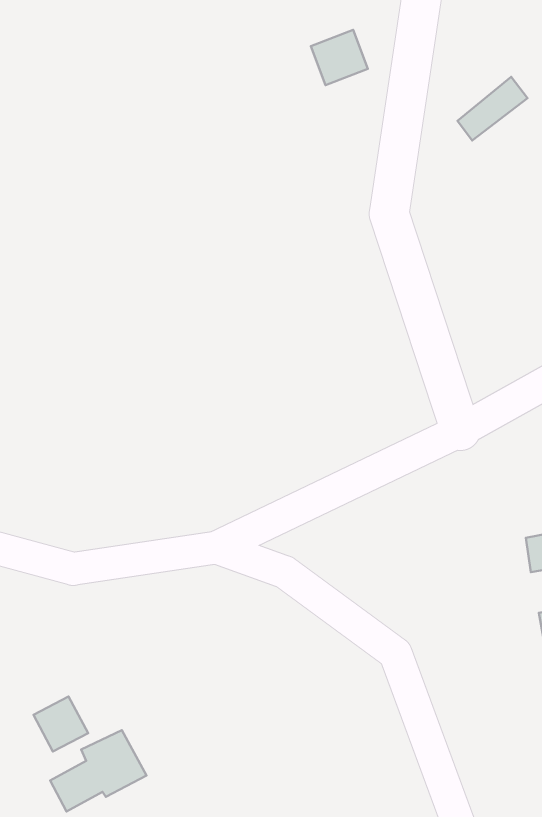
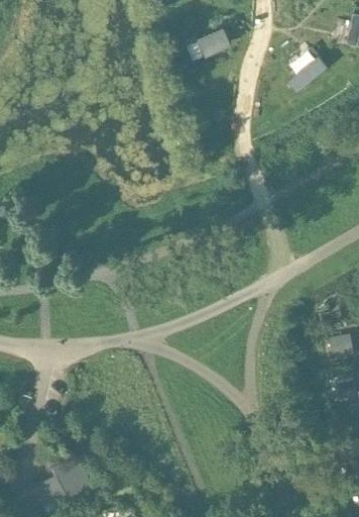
building: [33,697,88,752] -> none

